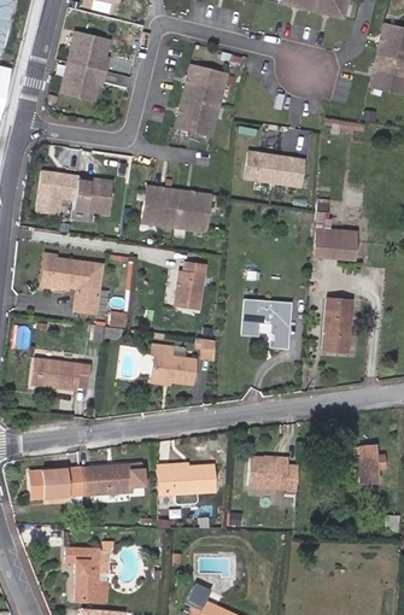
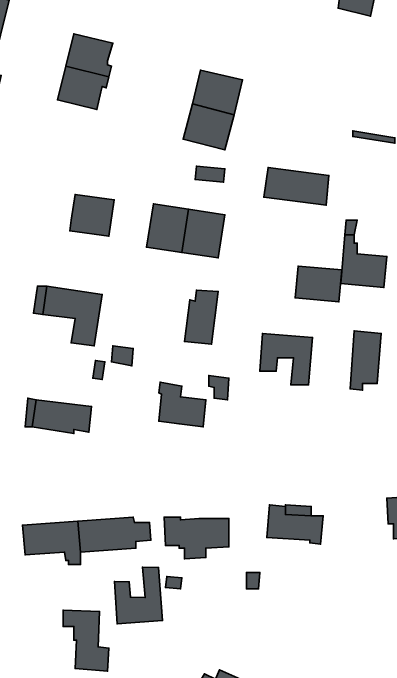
building: [36,171,77,213] -> none
building: none -> [295,266,342,302]
building: none -> [114,567,163,624]

